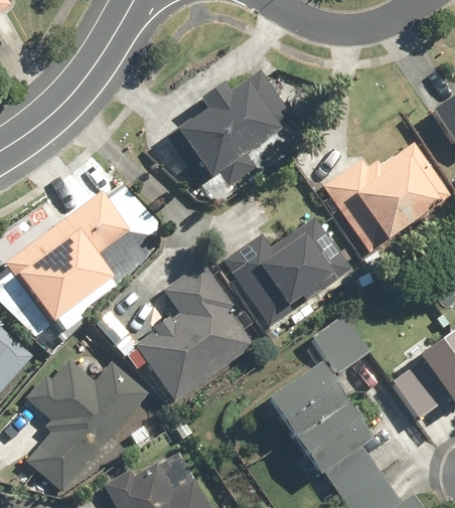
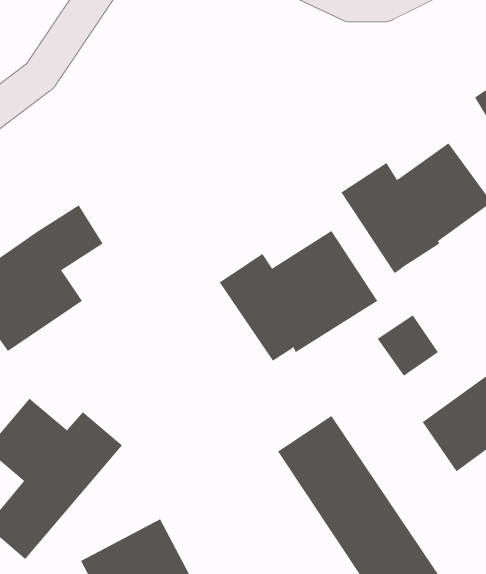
building: [170,72,292,179] -> none
building: [139,261,254,398] -> none
building: [316,317,367,368] -> [377,314,439,376]

